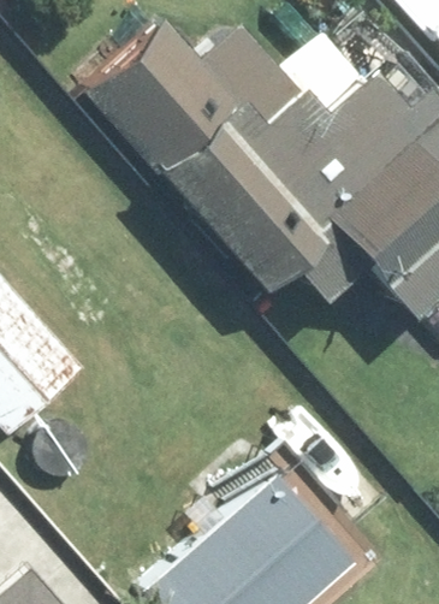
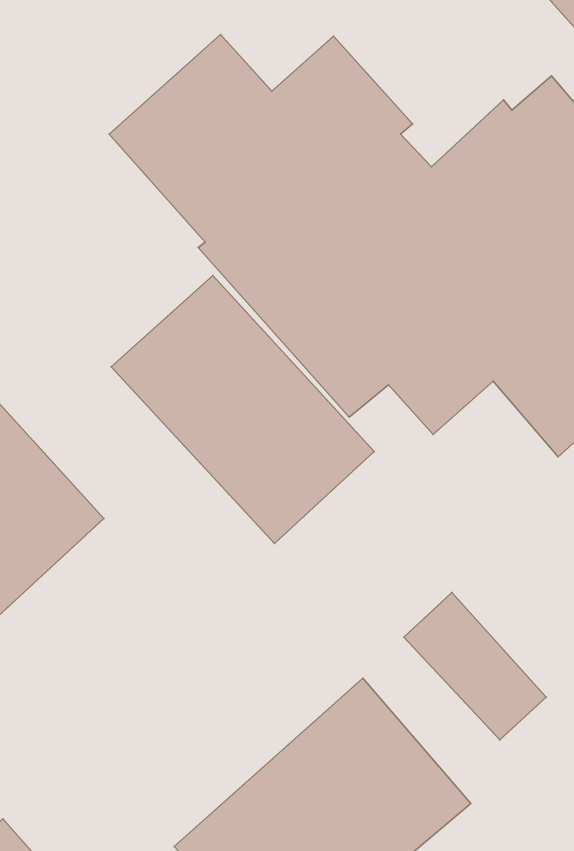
building: none -> [111,275,374,544]

